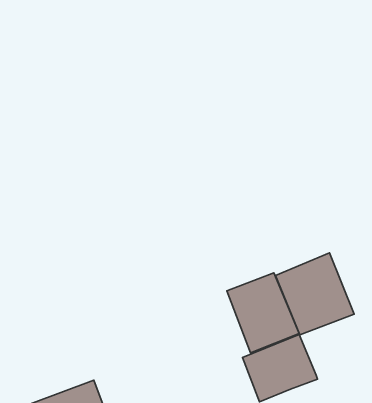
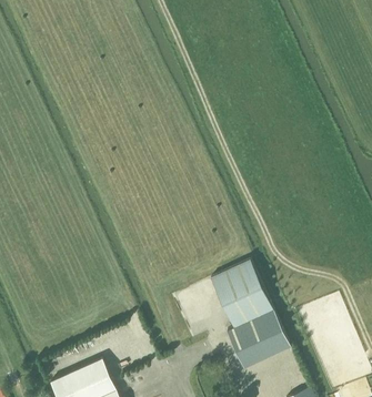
building: [275,253,354,335] -> none

